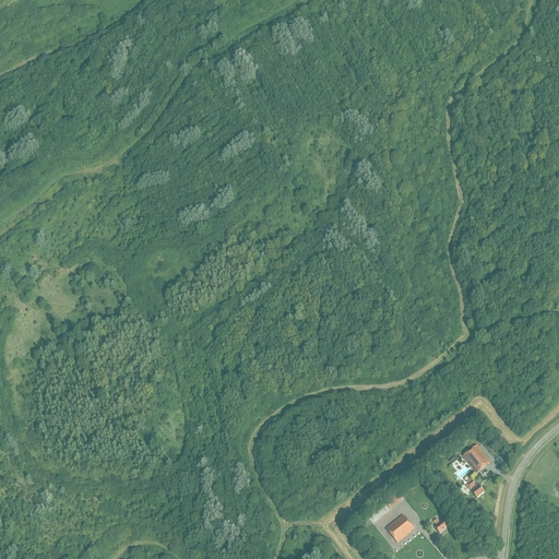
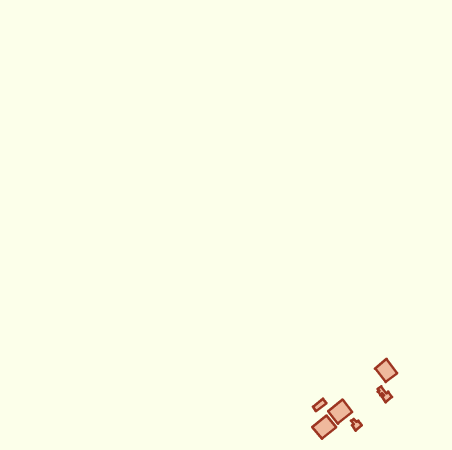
building: none -> [328,400,352,424]

